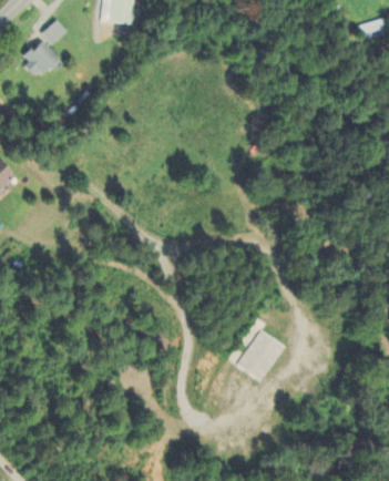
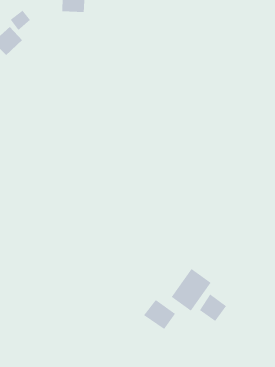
building: none -> [199,294,227,322]
building: none -> [143,299,176,330]

